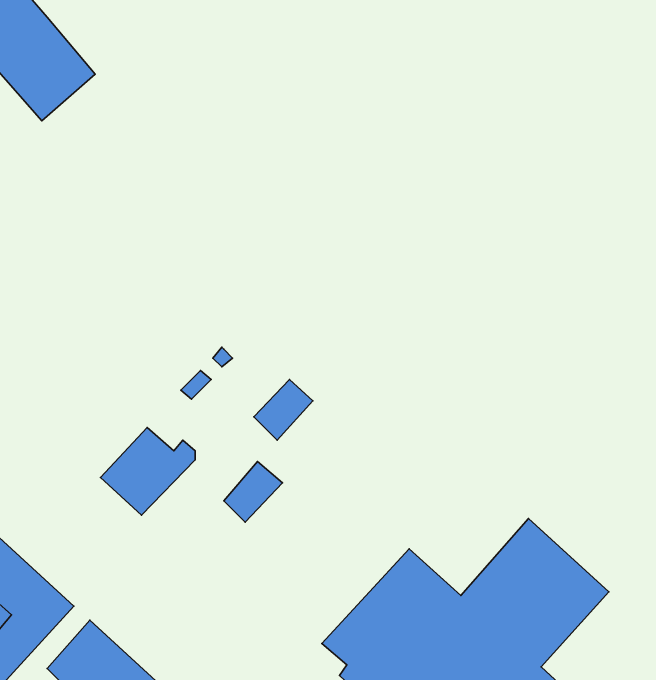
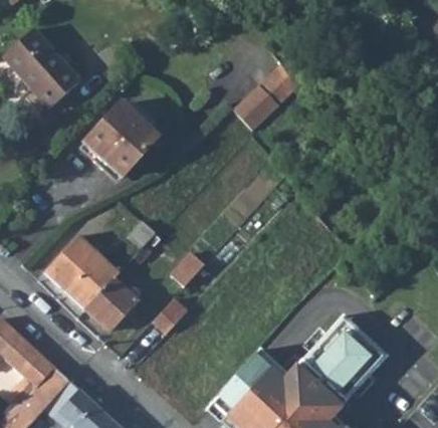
building: none -> [231,63,295,132]
building: none -> [83,103,159,180]
building: none -> [44,235,118,308]
building: none -> [325,314,387,373]

